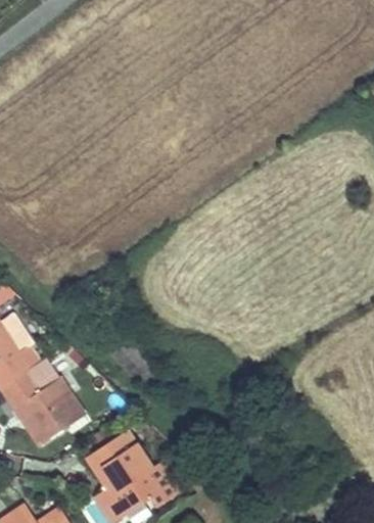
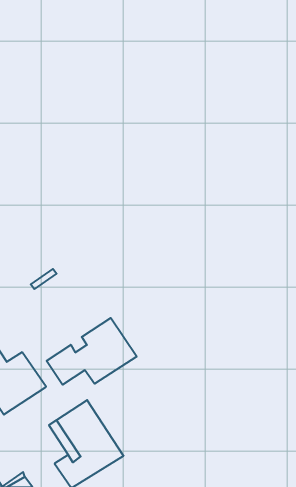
building: none -> [47,318,137,385]

